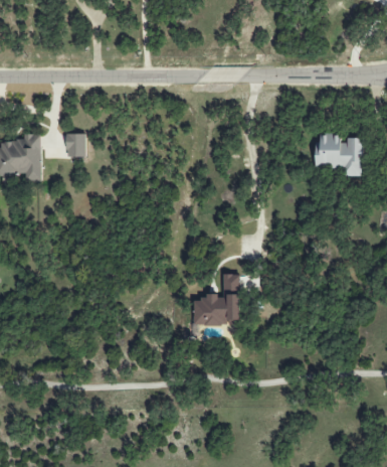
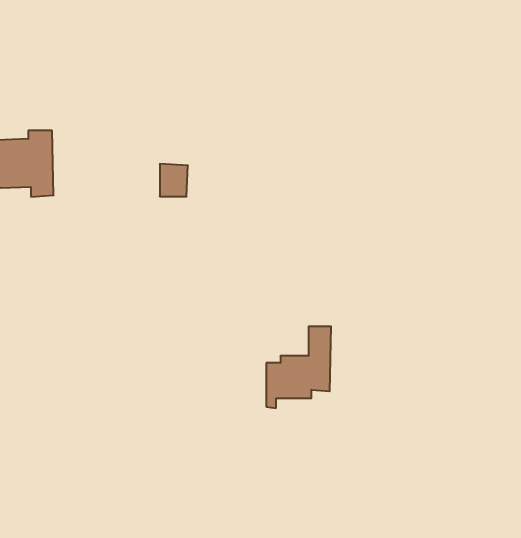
building: [66,133,86,156] -> [160,164,188,196]
building: [315,133,363,175] -> none

